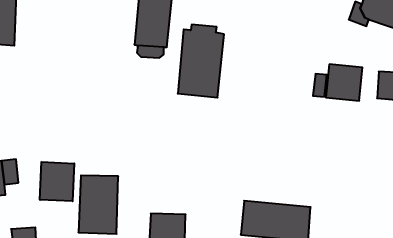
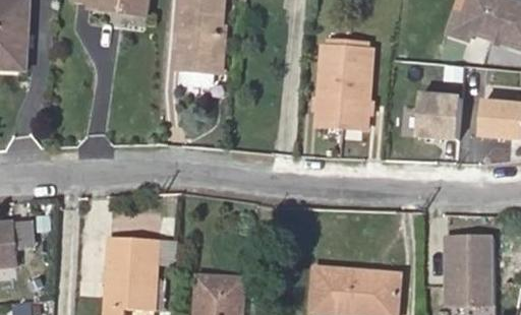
building: [178,25,224,98] -> [315,40,373,131]
building: [40,162,74,201] -> none
building: none -> [445,238,494,306]

